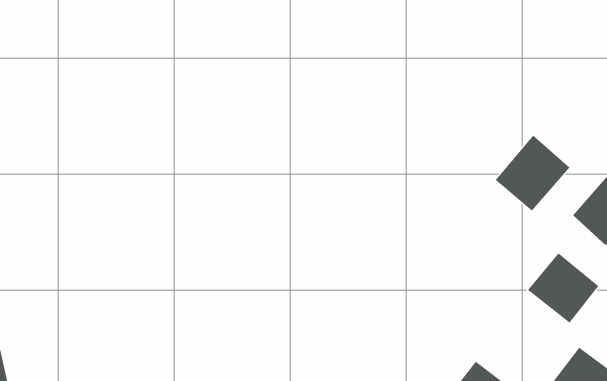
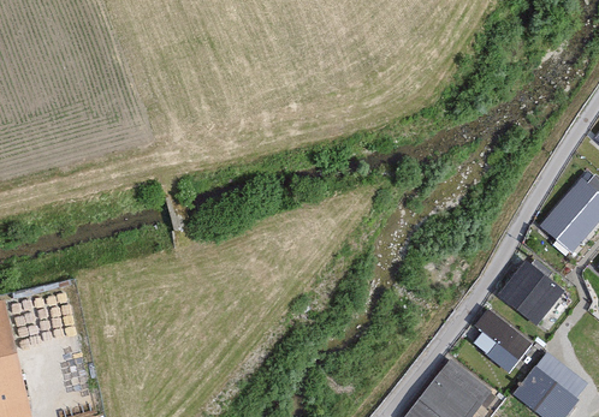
building: [495,135,570,212] -> none
building: none -> [470,310,534,373]

